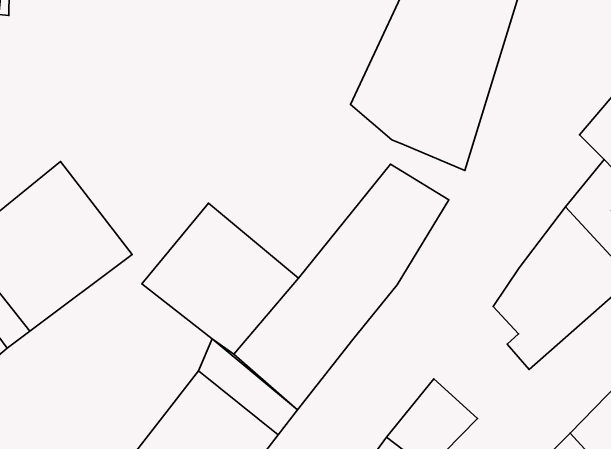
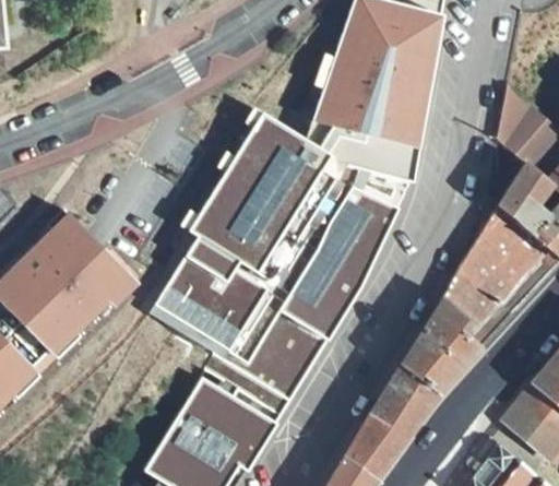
building: none -> [193,114,356,291]
building: none -> [402,297,481,393]

